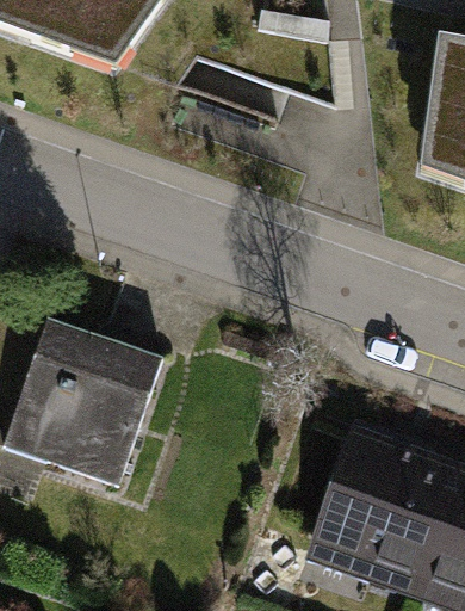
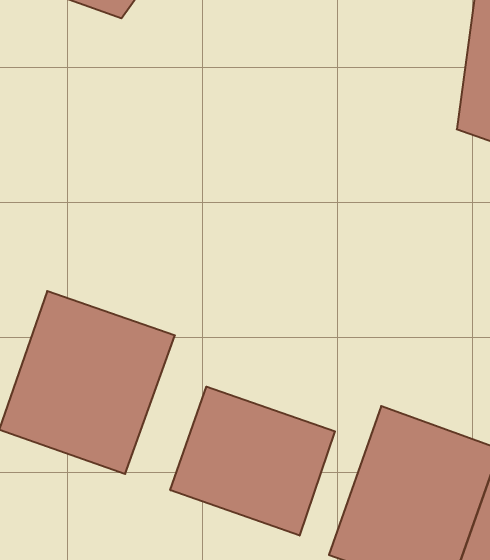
building: none -> [170,387,335,536]

